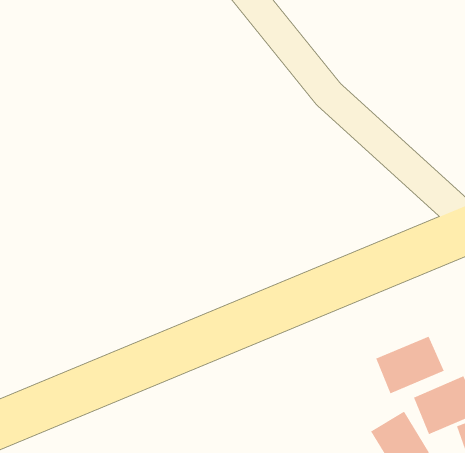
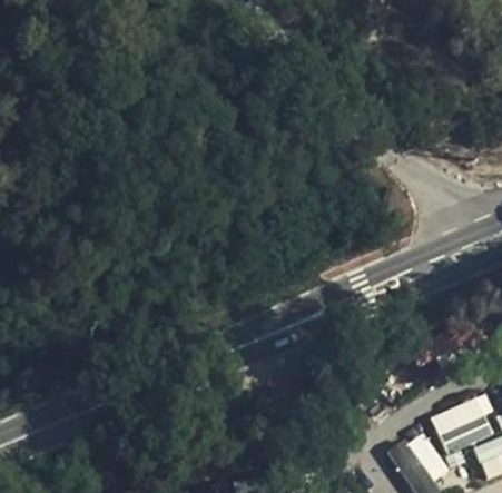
building: [375,336,444,394] -> none

